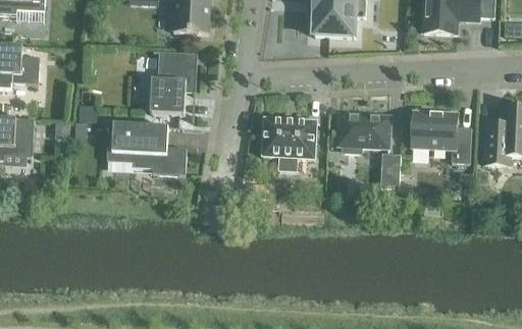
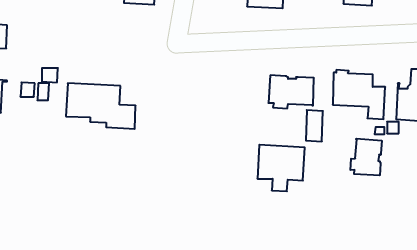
building: [150,51,197,114] -> none
building: [262,117,316,170] -> [257,145,305,191]
building: none -> [350,139,382,175]

